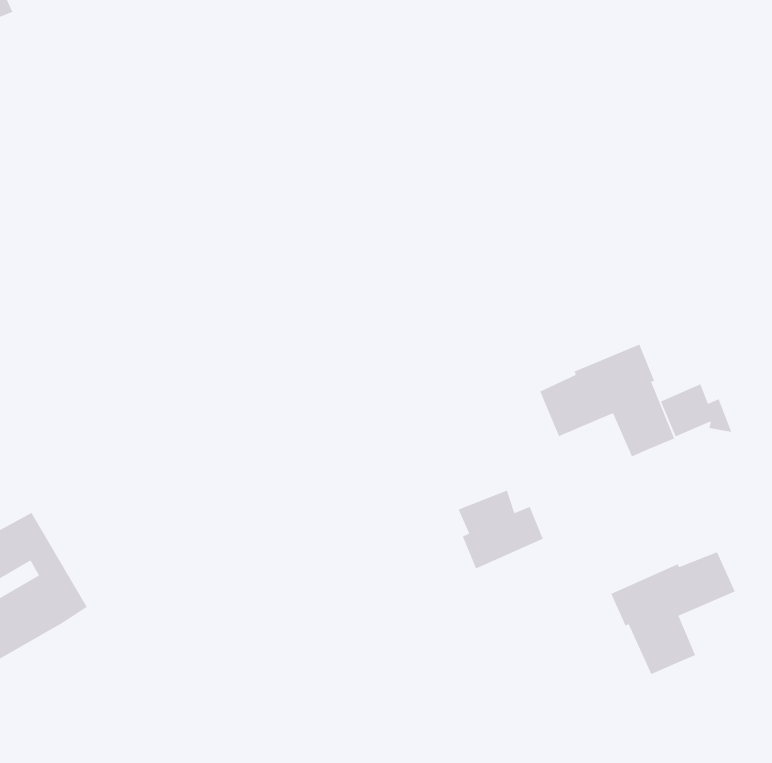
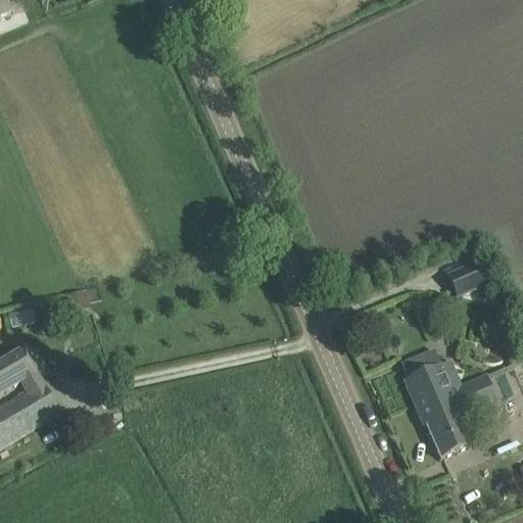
building: [539,343,675,458] -> none
building: [457,489,544,570] -> [399,346,458,400]

